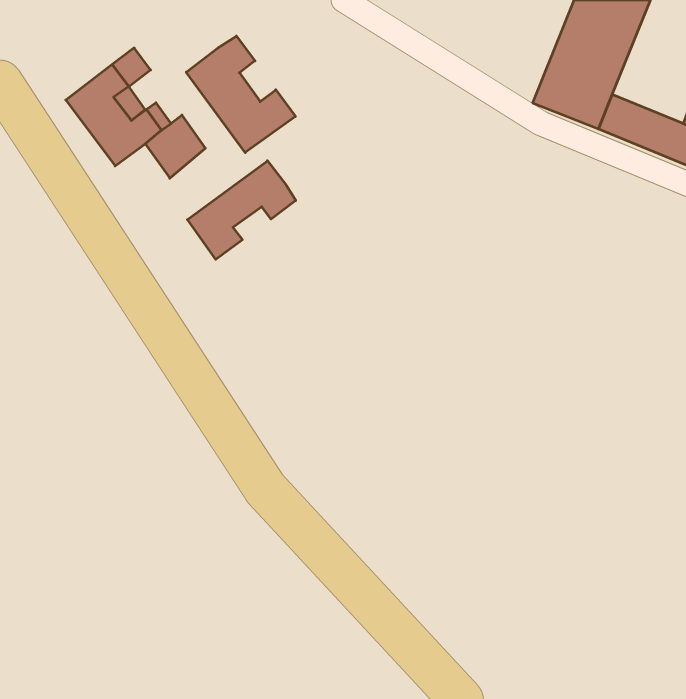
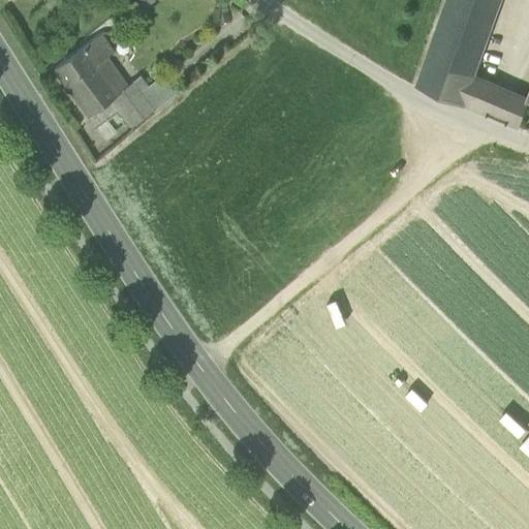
building: [186,36,295,153] -> none
building: [187,161,296,259] -> none

